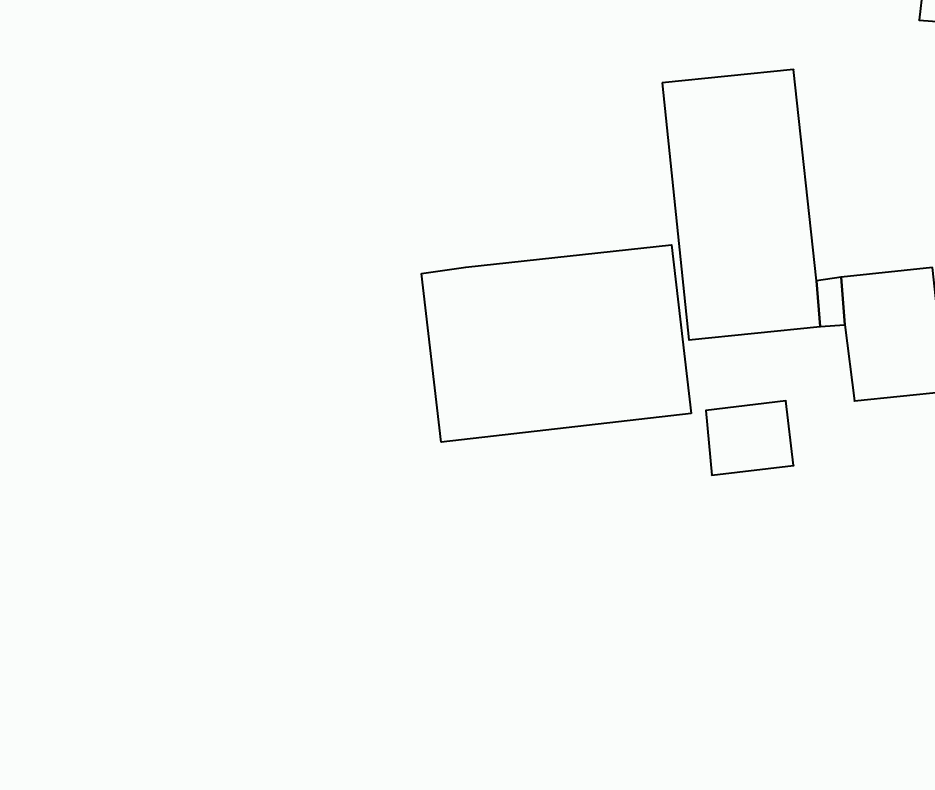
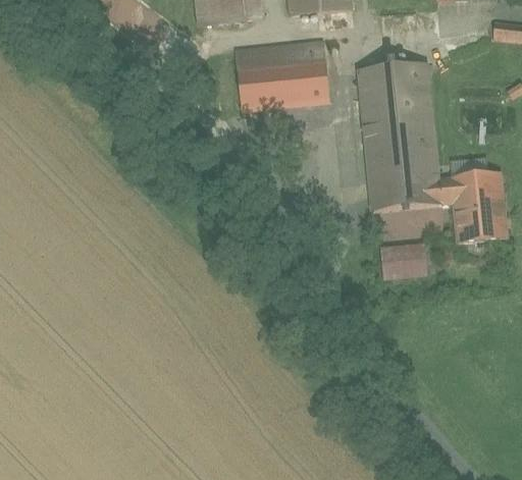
building: none -> [236,39,329,111]
building: [422,245,691,442] -> none

